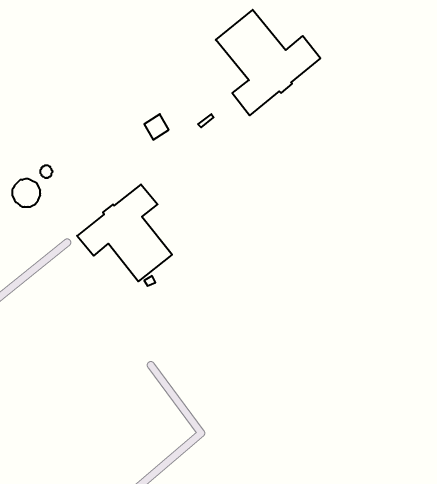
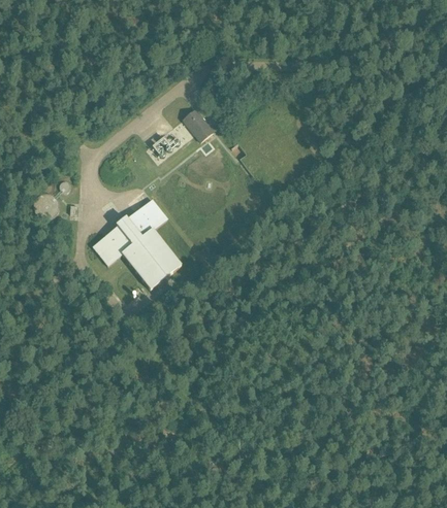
building: [216,10,320,115] -> none
building: none -> [182,108,213,140]

